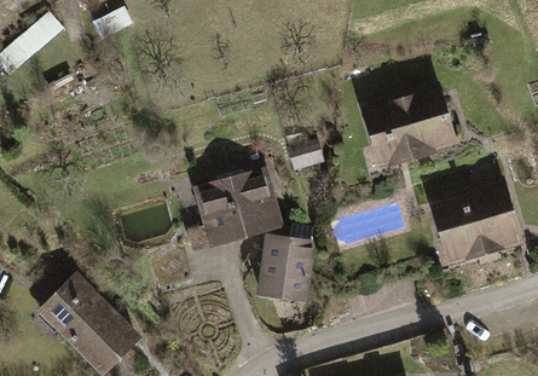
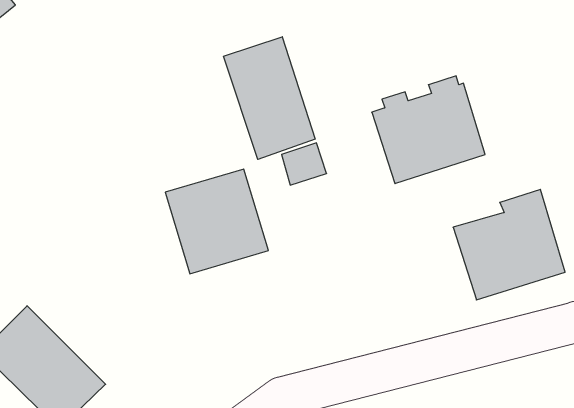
building: none -> [223,37,315,159]
building: [258,236,312,299] -> none

